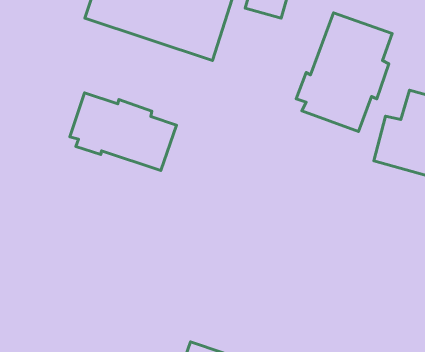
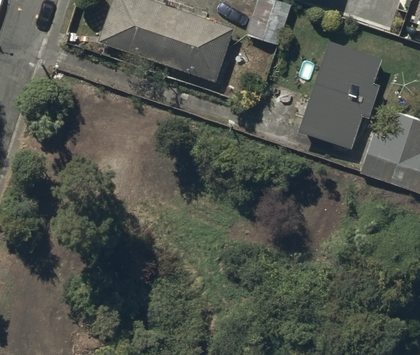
building: [70,93,176,170] -> none

